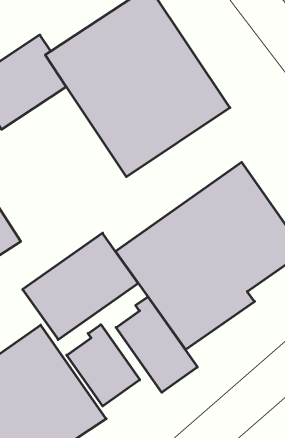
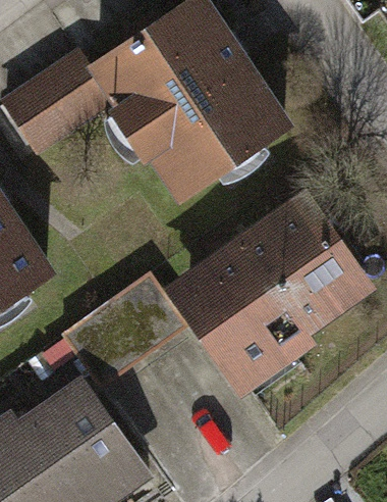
building: [116,297,197,392] -> none
building: [67,325,140,406] -> none

